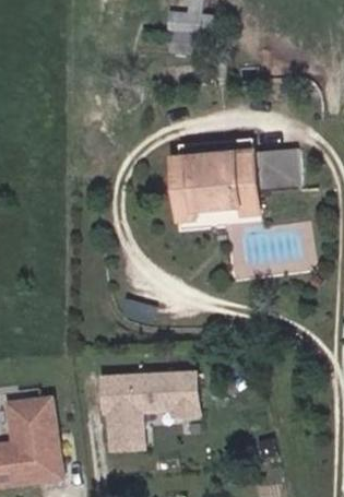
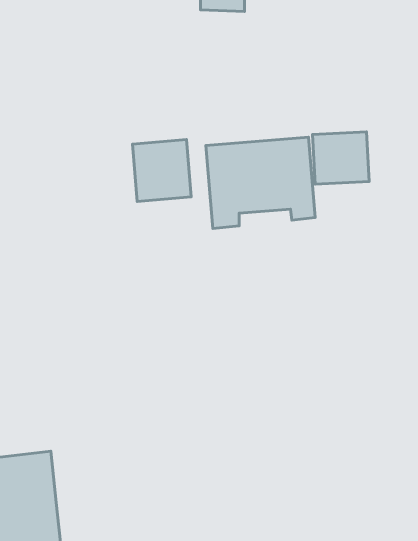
building: none -> [133,140,191,201]
building: [102,371,197,451] -> none

